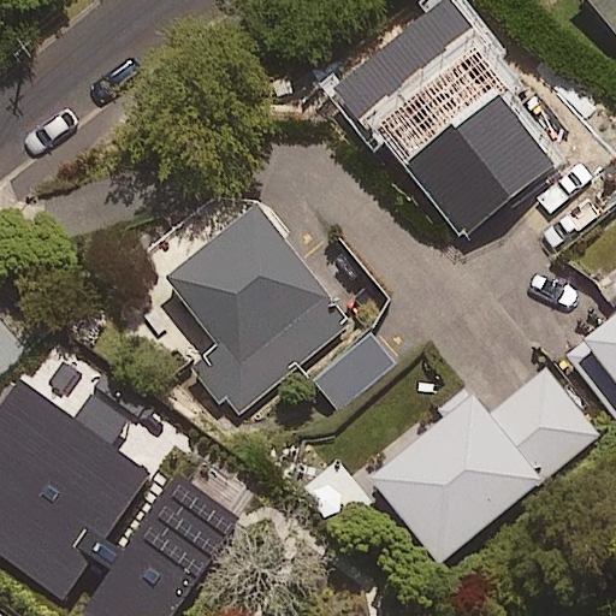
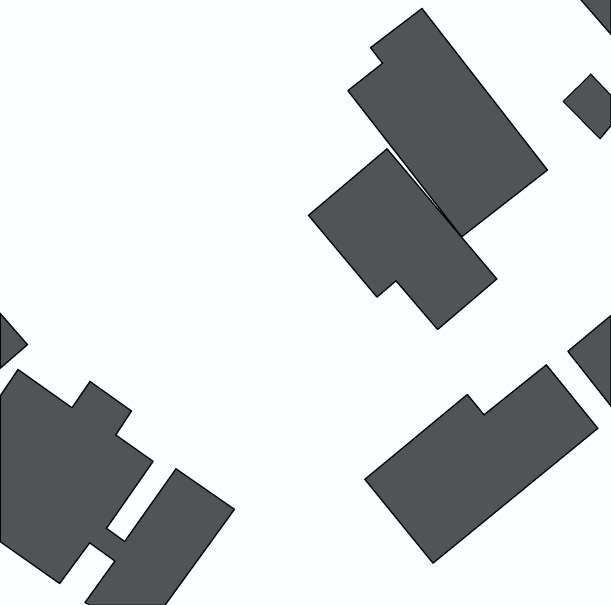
building: none -> [308,149,497,329]
building: [167,211,346,413] -> none

